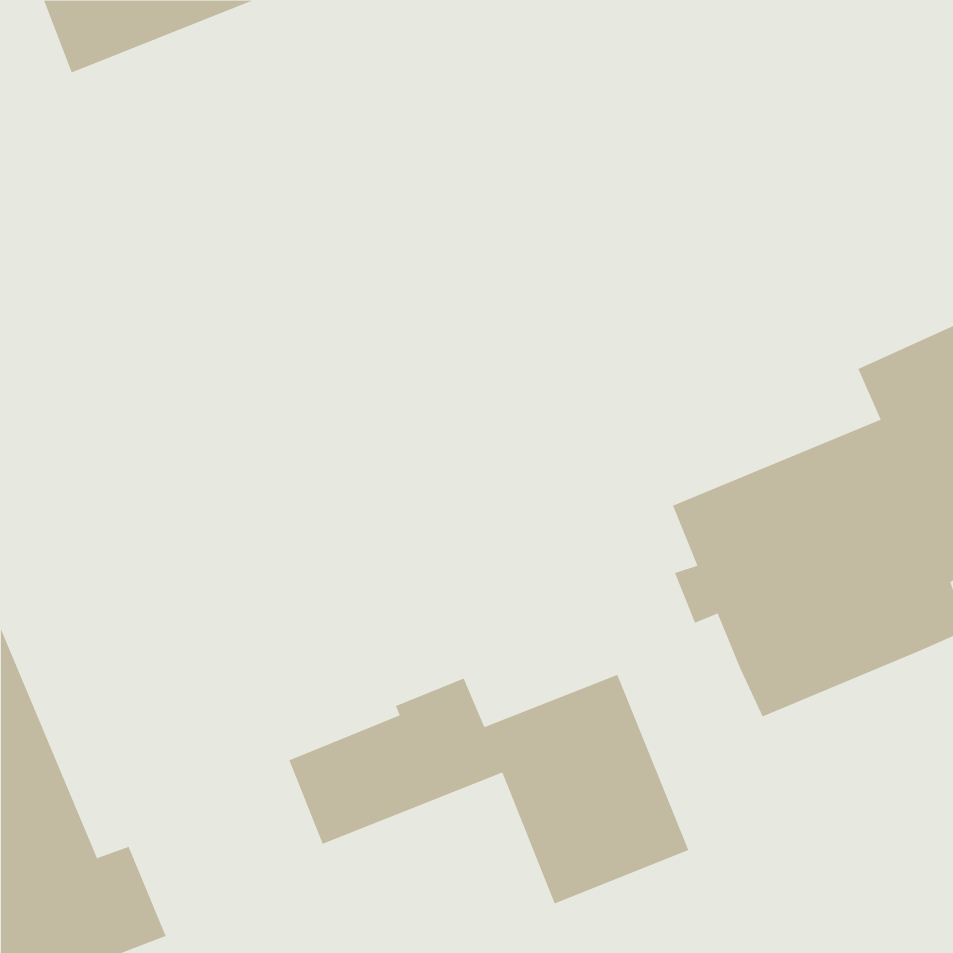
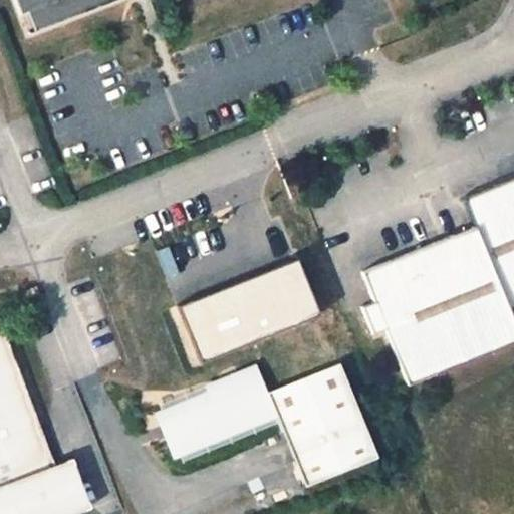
building: none -> [179,256,328,361]

